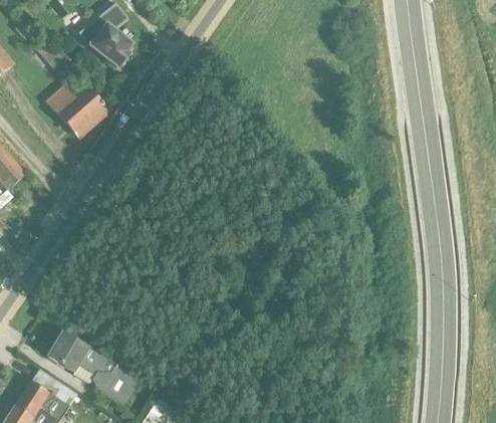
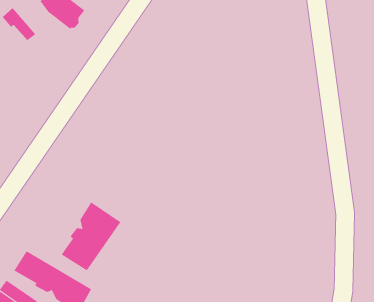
building: [45,82,107,137] -> none
building: none -> [61,202,121,271]

